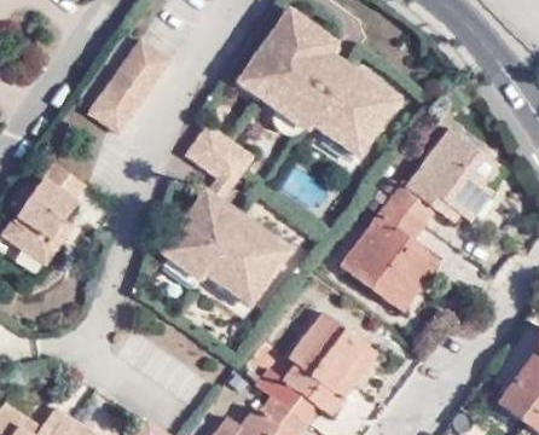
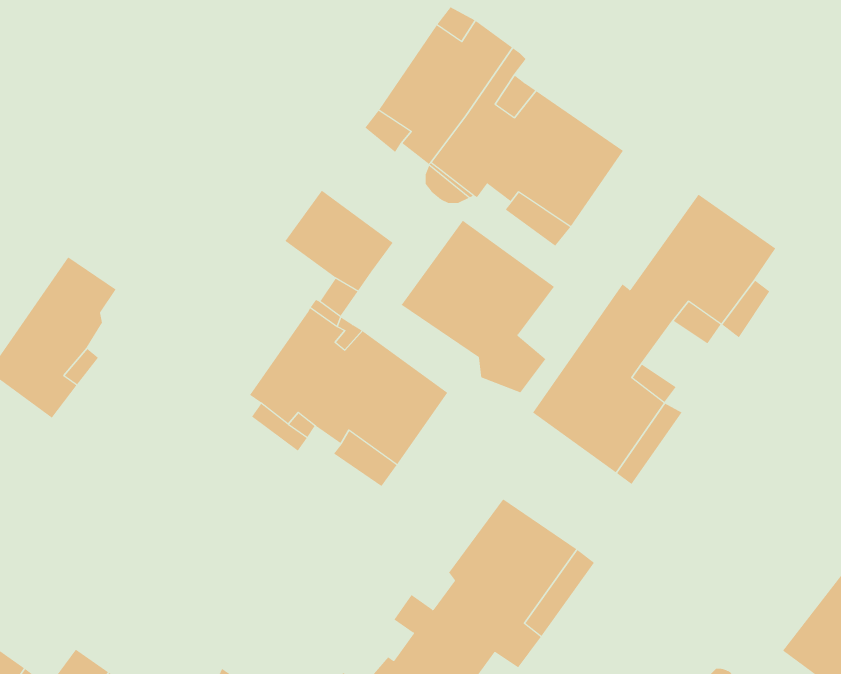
building: [89,41,169,134] -> none
building: none -> [401,220,555,393]

